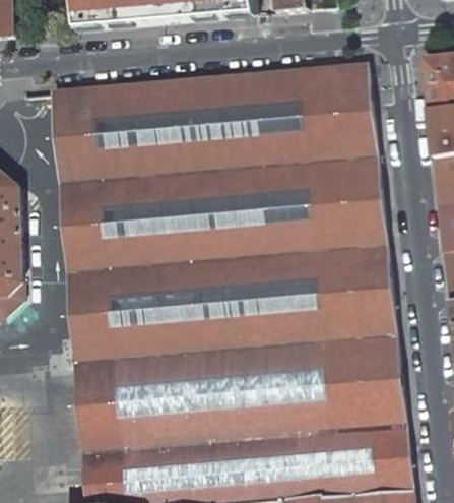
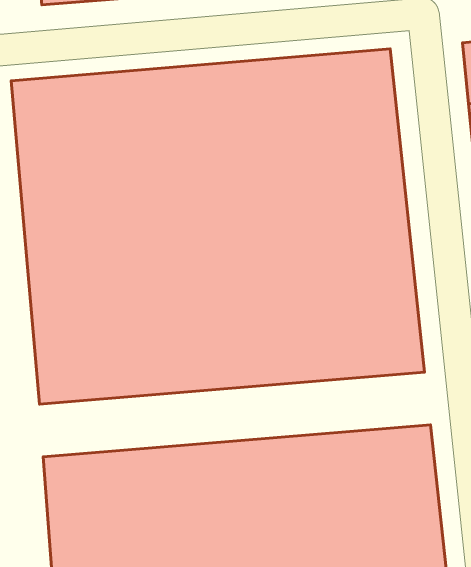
building: [74,330,398,400] -> none

